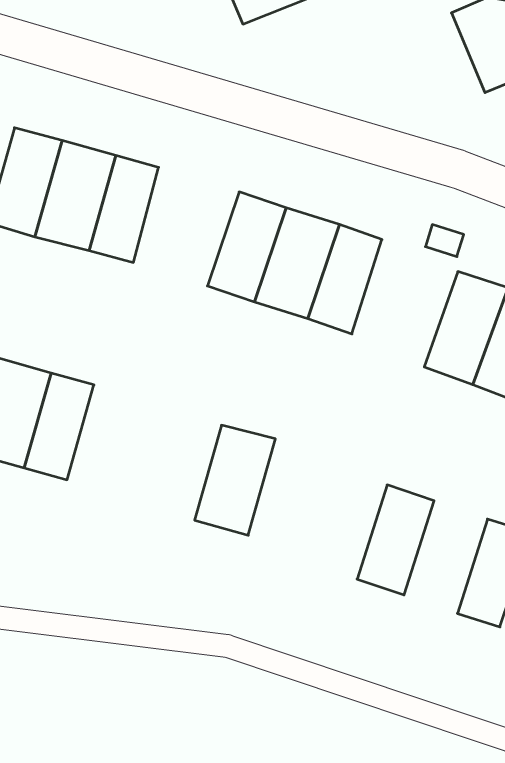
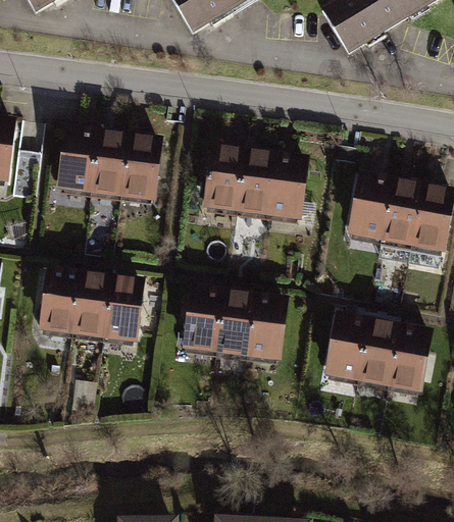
building: none -> [187,286,224,352]
building: none -> [252,294,287,359]
building: none -> [354,316,398,383]

